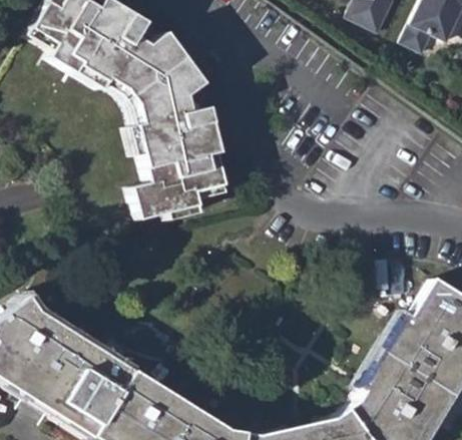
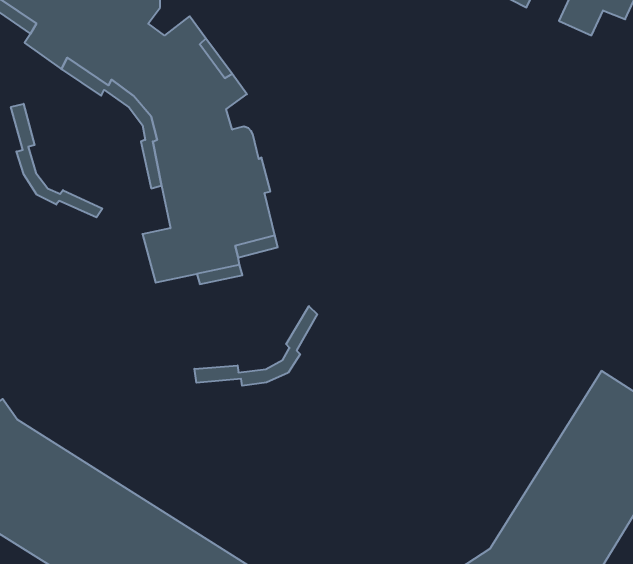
building: none -> [11,104,102,217]
building: none -> [194,306,317,386]

